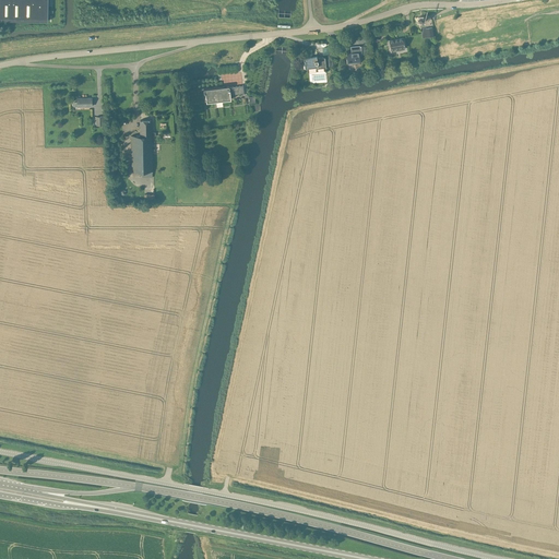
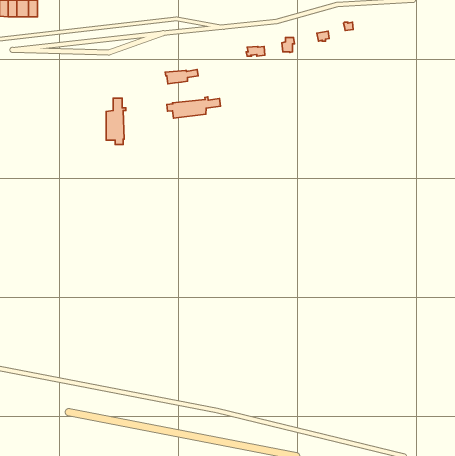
building: none -> [167,97,220,118]

